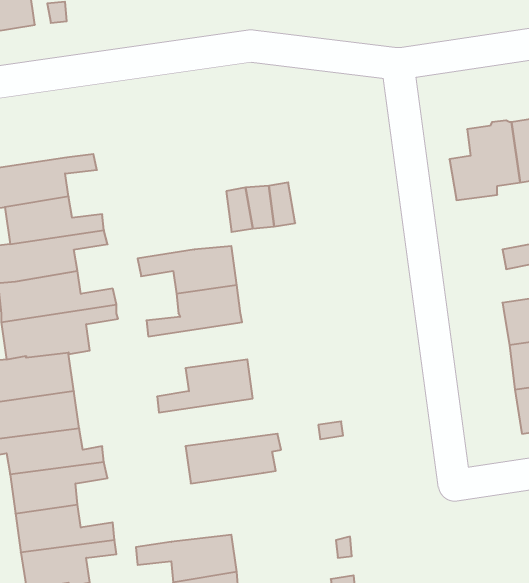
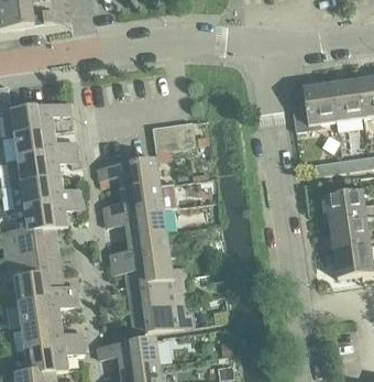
building: none -> [105,208,166,237]
building: none -> [111,255,185,285]
building: none -> [131,301,192,334]

